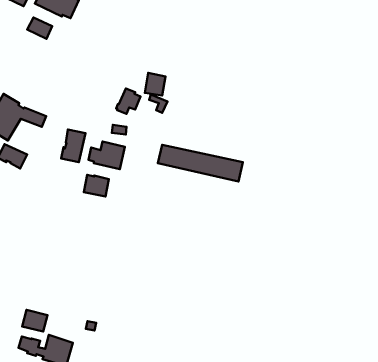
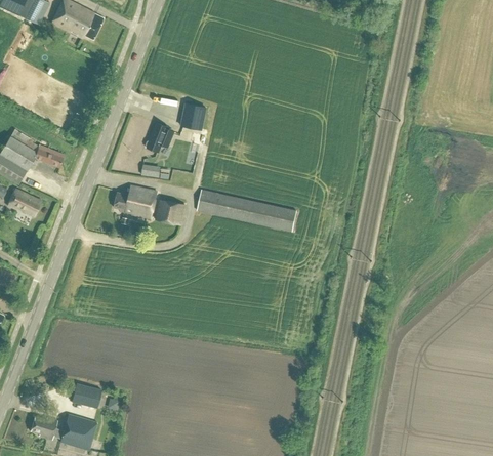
building: [27,17,52,39] -> none
building: [61,130,86,162] -> none
building: [84,175,109,196] -> [155,199,184,224]
building: [22,310,47,332] -> [71,382,100,408]

